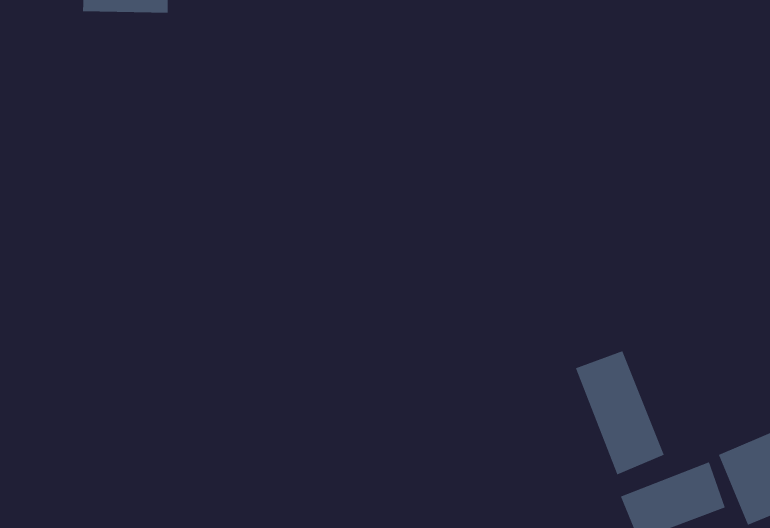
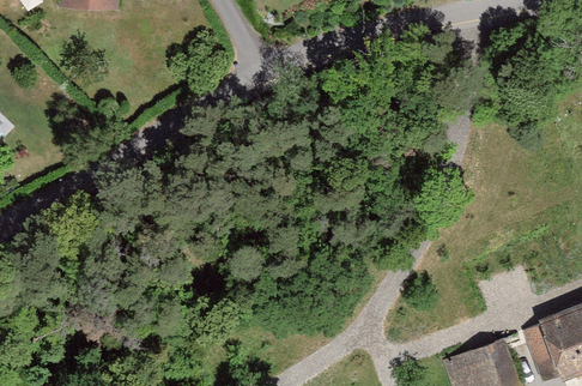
building: [575,350,665,476] -> none

